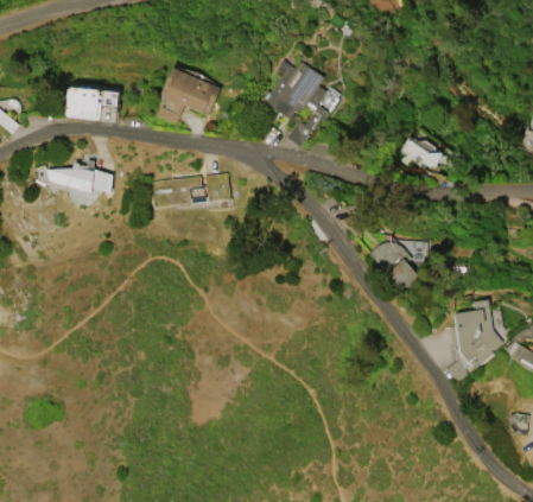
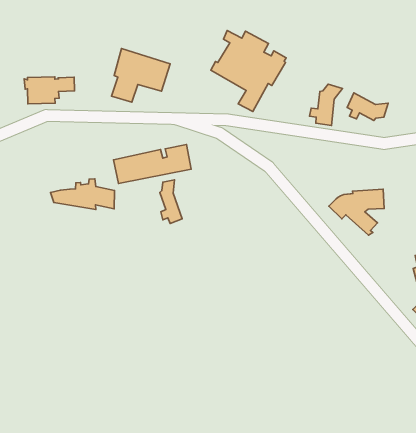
building: none -> [309,84,343,125]
building: [47,160,114,193] -> [51,179,114,209]
building: none -> [160,180,182,224]

